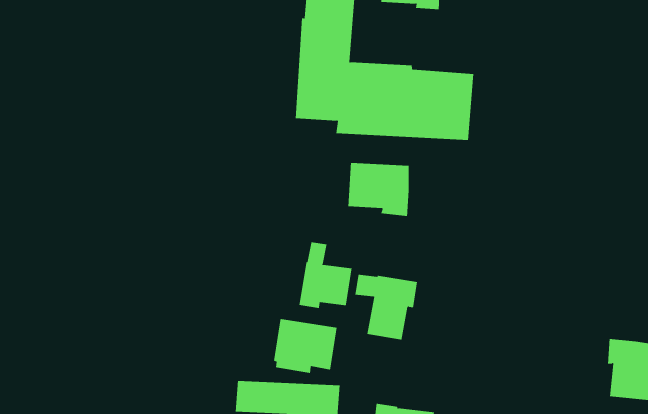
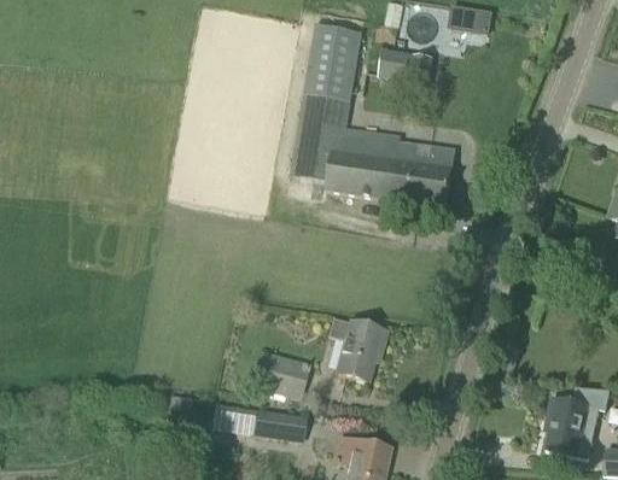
building: [348,162,409,217] -> none
building: [299,241,352,309] -> none

